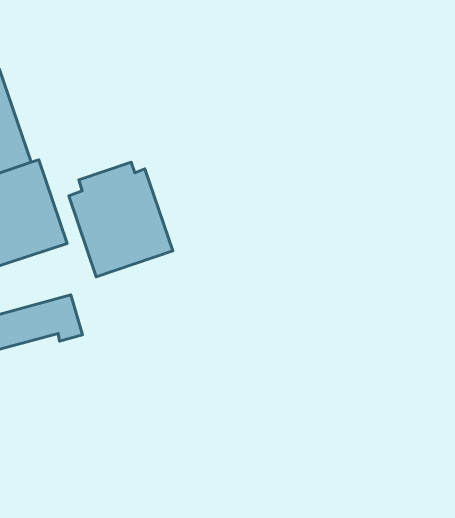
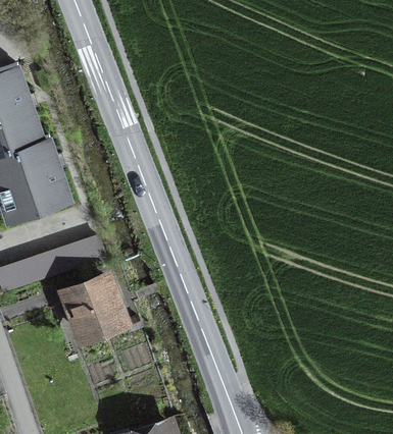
building: [69,162,173,277] -> none
building: none -> [60,279,124,338]

